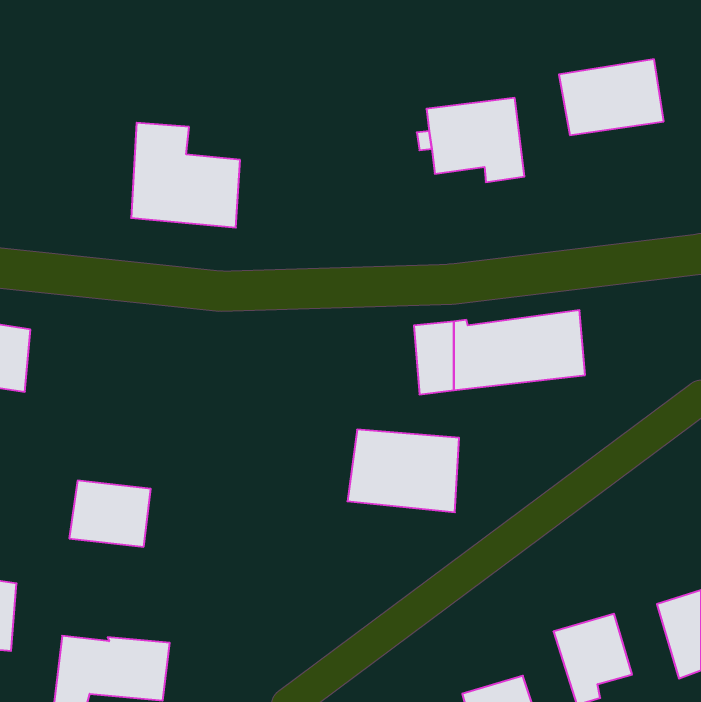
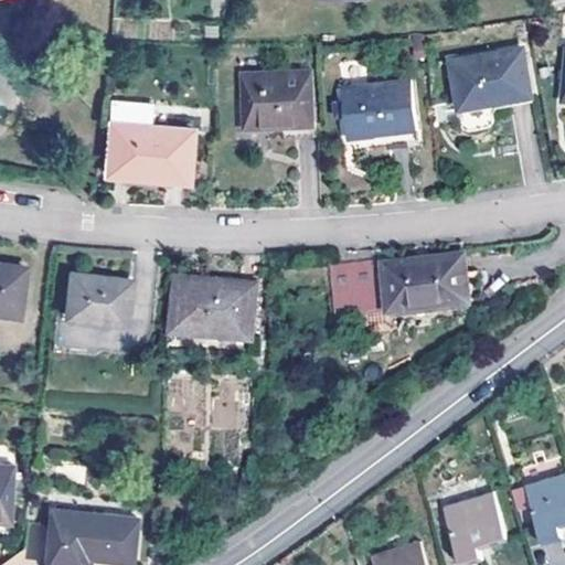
building: none -> [239,71,311,130]
building: [347,430,459,512] -> [167,276,256,342]
building: [69,481,151,547] -> [64,273,129,326]

